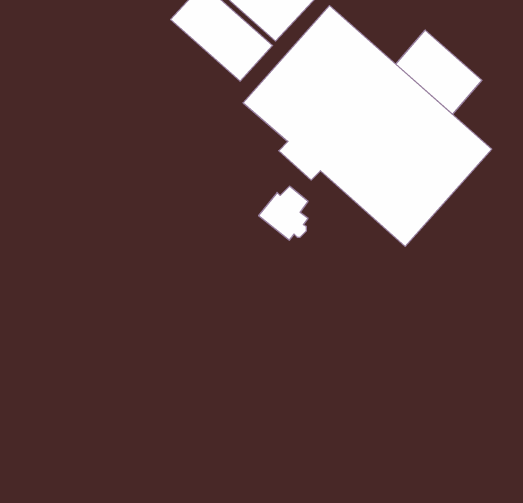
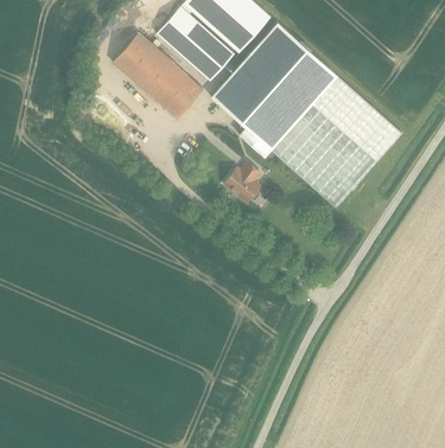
building: none -> [113,32,203,119]
building: [396,30,482,114] -> none

